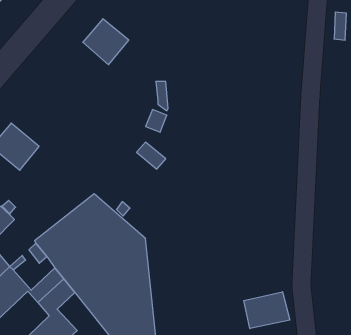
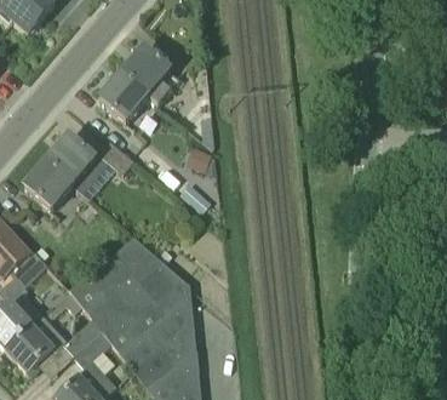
building: none -> [99,73,149,122]
building: none -> [44,133,133,192]
building: [244,292,290,329] -> none

